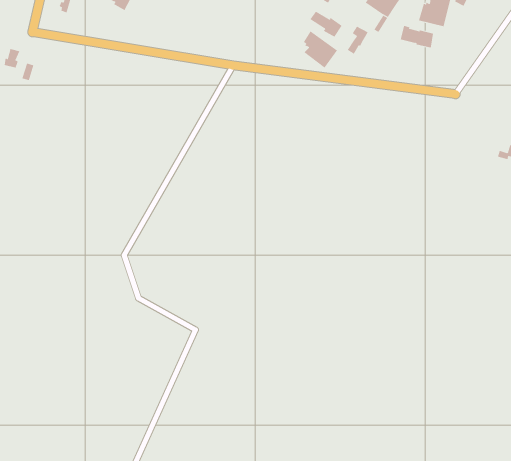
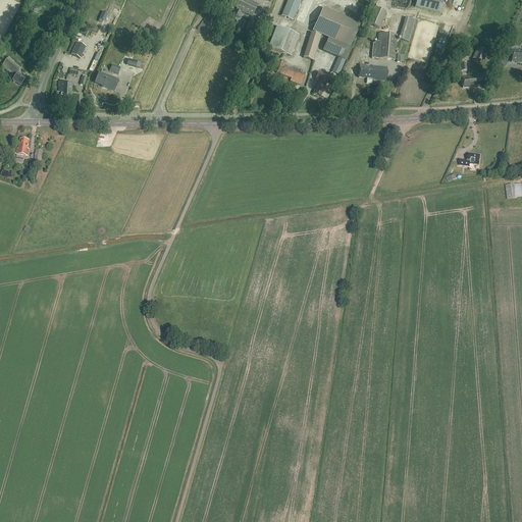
building: [303,31,338,68] -> none

